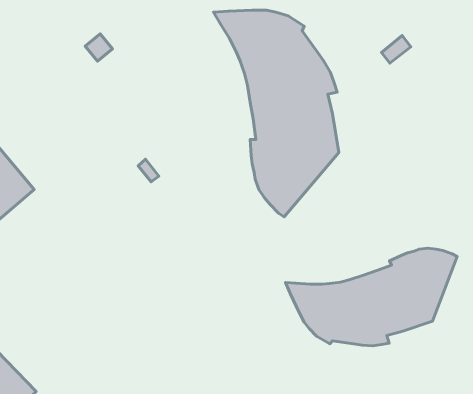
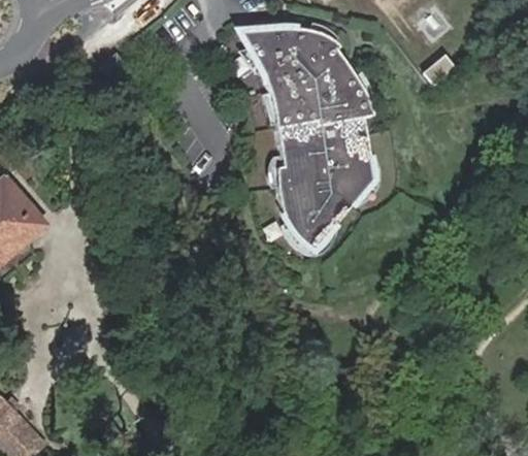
building: [285,248,457,346] -> none

